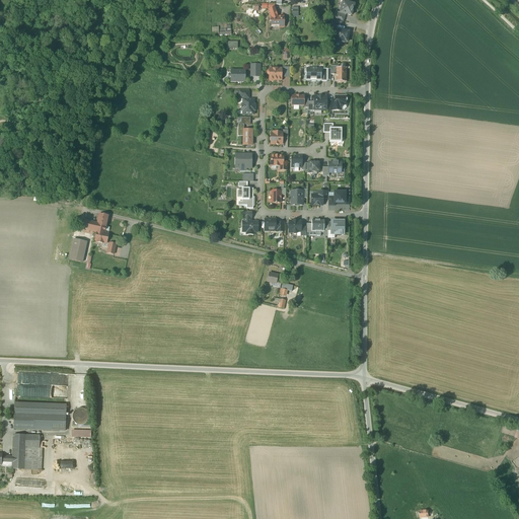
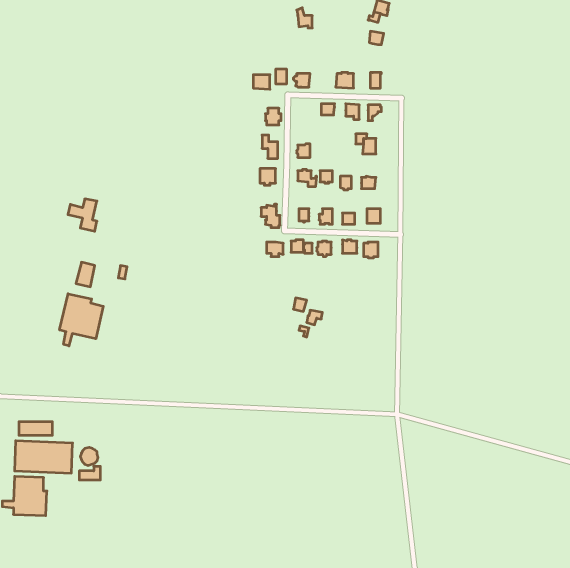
building: [83,214,109,243] -> [68,199,97,231]
building: none -> [60,294,103,346]

